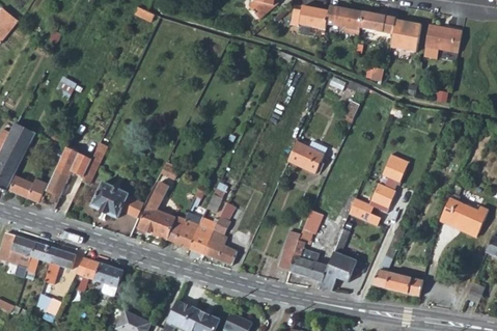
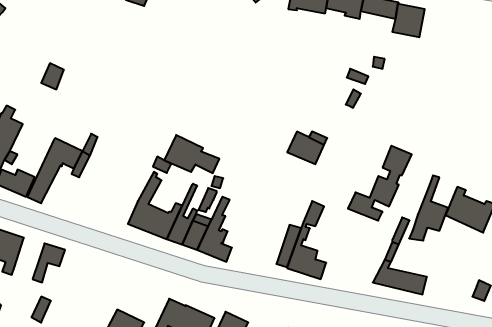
building: [424,22,462,51] -> none
building: [91,182,144,218] -> [164,135,219,173]
building: [317,228,355,291] -> [409,175,448,241]
building: [27,242,56,272] -> none
building: [76,256,122,296] -> none

